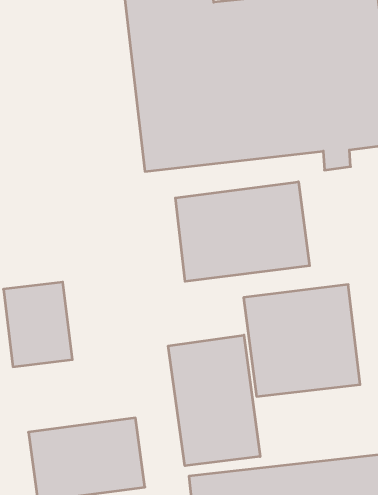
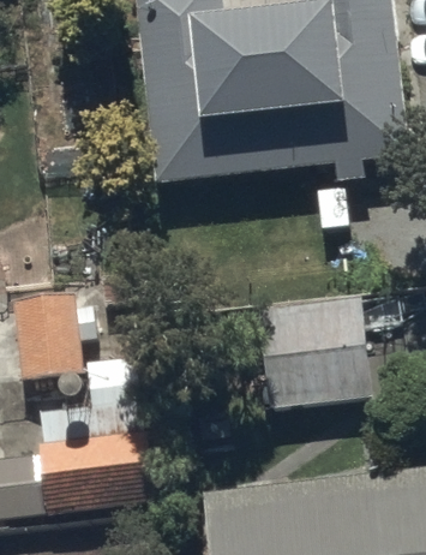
building: [175,182,310,281] -> none
building: [168,335,260,466] -> none

